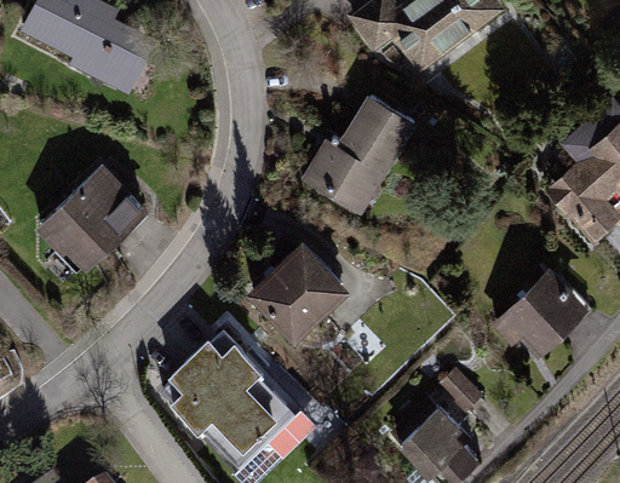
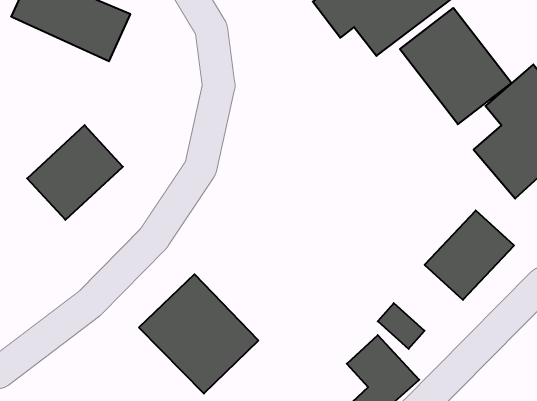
building: none -> [400,8,511,124]
building: [295,93,419,220] -> none
building: [245,236,351,341] -> none

